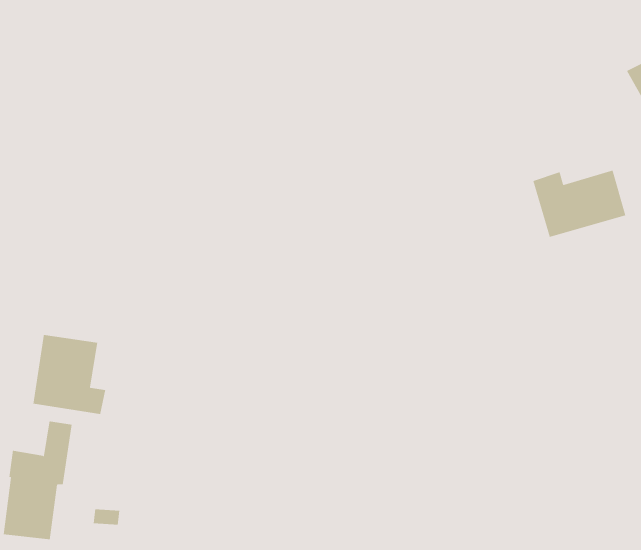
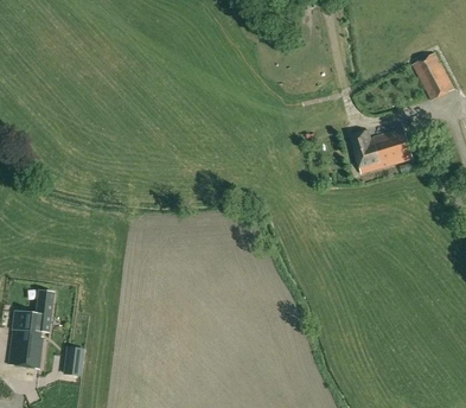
building: [33,334,106,415] -> none

